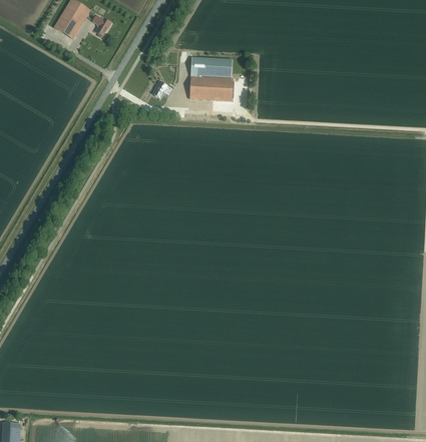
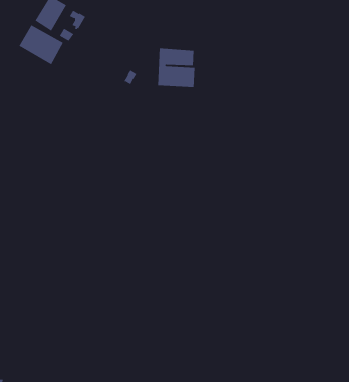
building: none -> [18,24,63,65]

